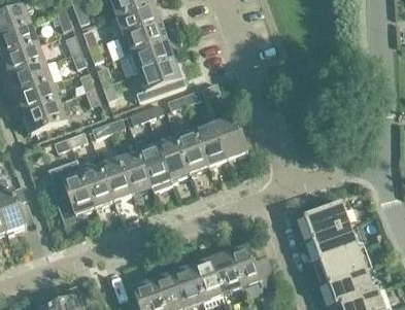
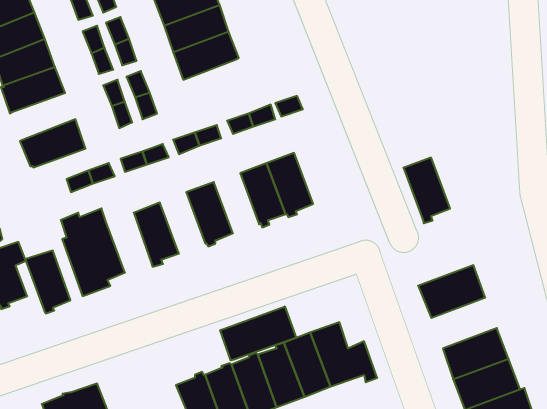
building: [136,57,182,91] -> none
building: [13,80,60,113] -> none
building: [214,115,247,162] -> [403,158,450,223]
building: [158,137,190,182] -> none
building: [120,150,151,196] -> none
building: [81,165,113,209] -> [25,251,70,313]
building: [311,225,358,261] -> none
building: none -> [220,306,296,360]

